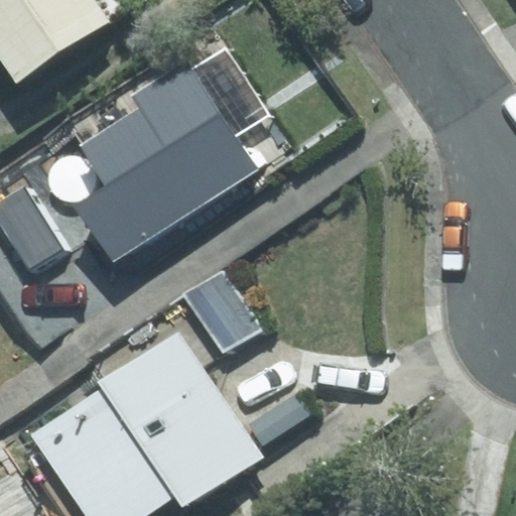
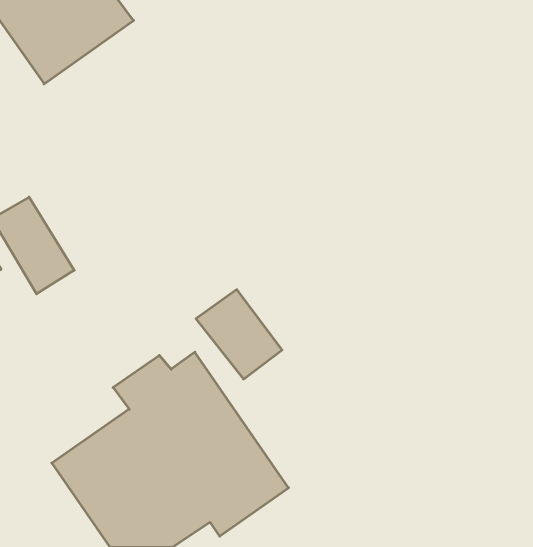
building: [97,43,268,258] -> none

